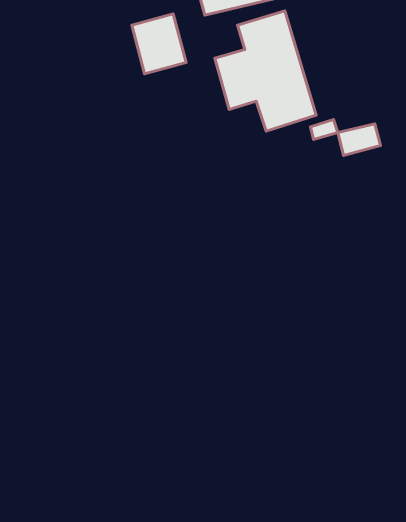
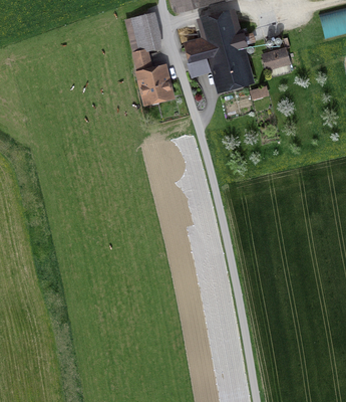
building: none -> [131,50,172,105]
building: [338,124,381,155] -> [261,47,291,69]

